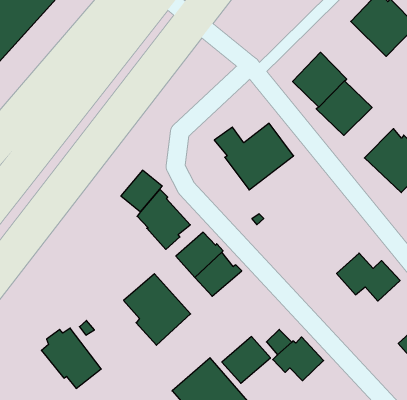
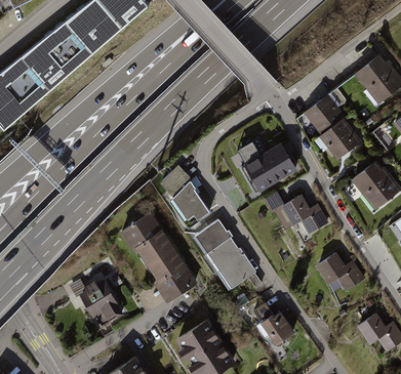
building: none -> [262,192,327,235]
building: none -> [120,211,174,264]
building: [222,337,270,383] -> [216,254,254,289]

